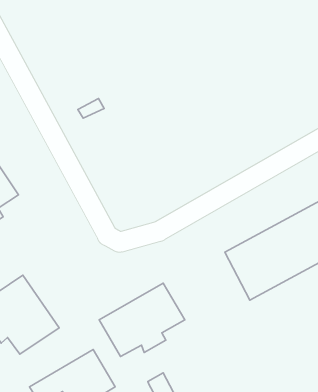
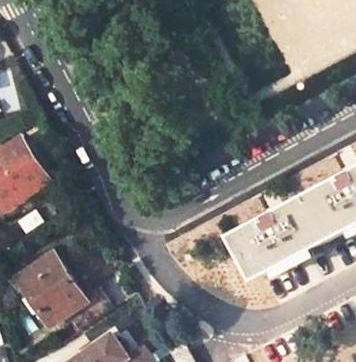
building: [99,283,185,356] -> none

